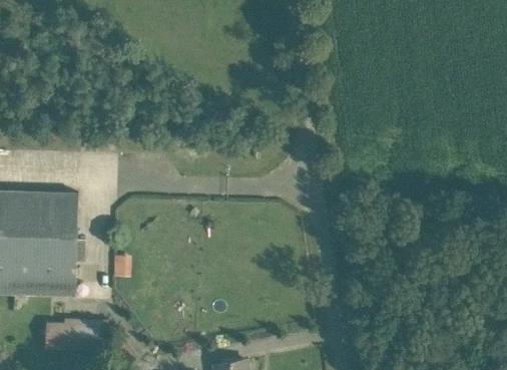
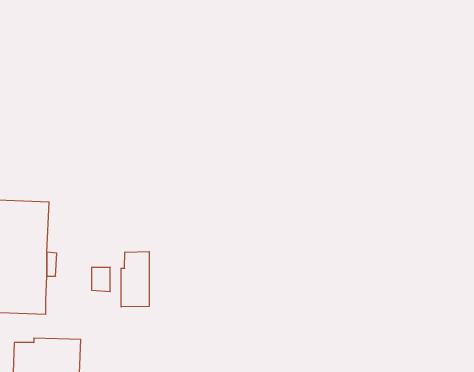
building: none -> [121,252,149,307]

